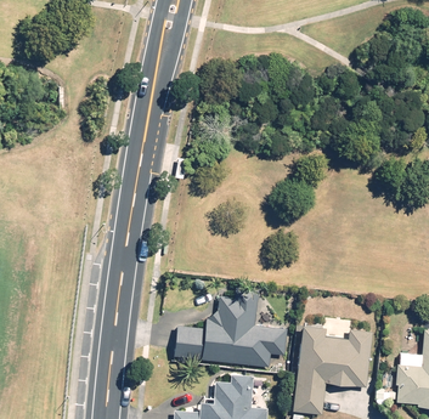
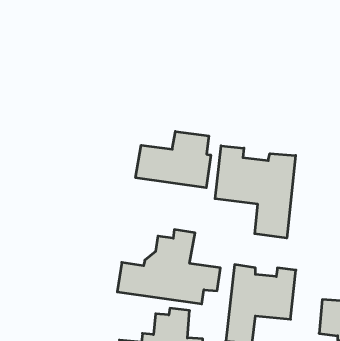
building: none -> [136,131,211,188]
building: none -> [215,146,296,238]

